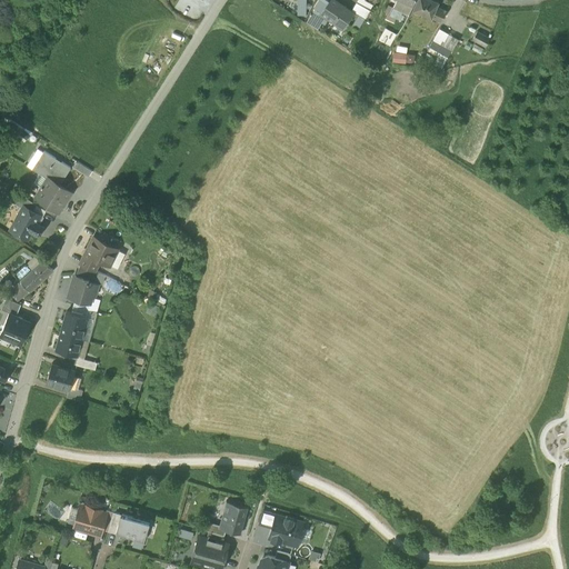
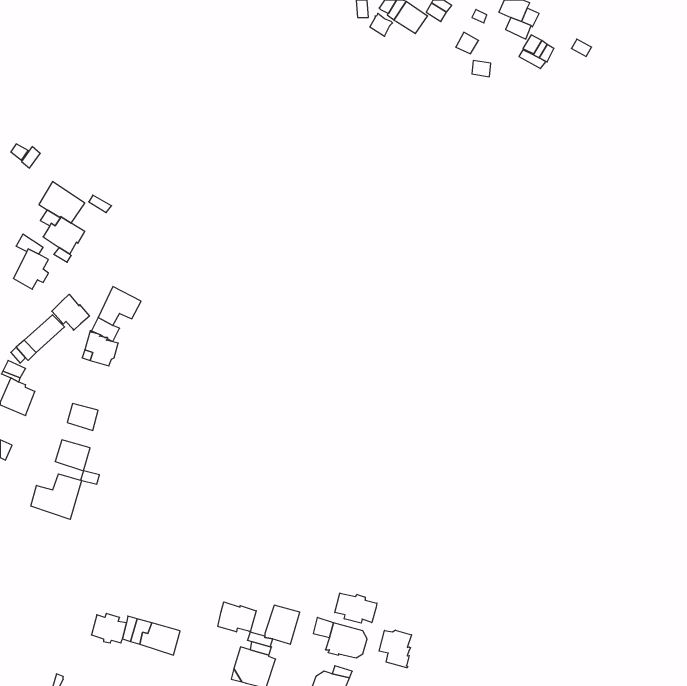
building: none -> [52,294,89,330]
building: [60,312,88,340] -> none
building: none -> [31,474,82,519]
building: none -> [335,593,377,623]
building: none -> [218,602,256,632]
building: none -> [379,630,412,668]

